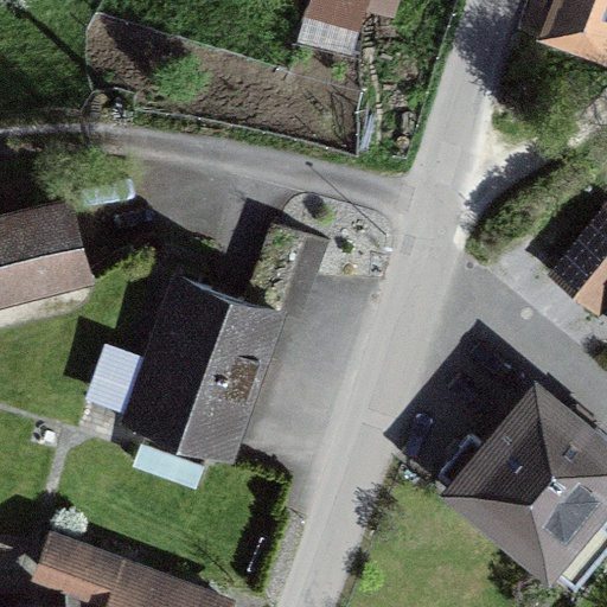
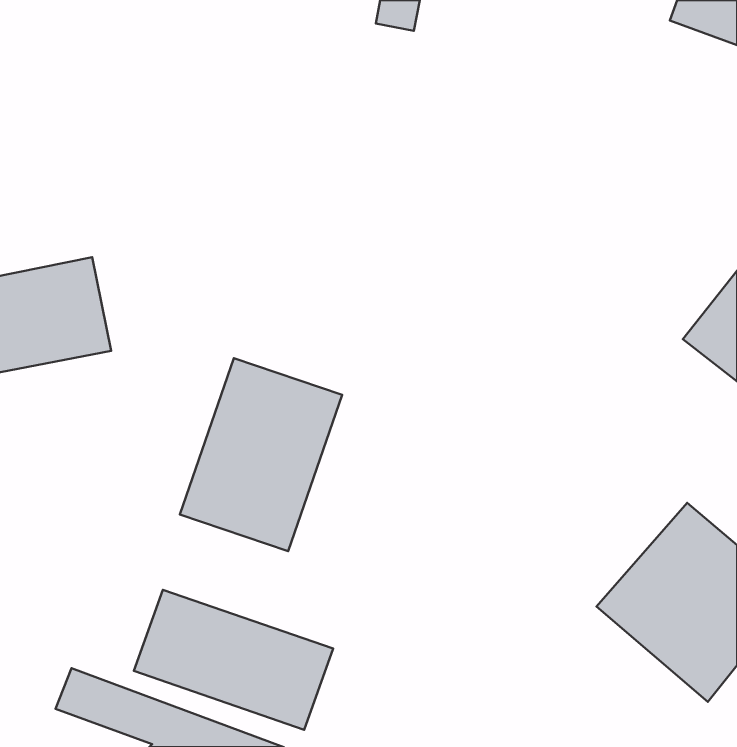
building: none -> [134,590,333,730]

